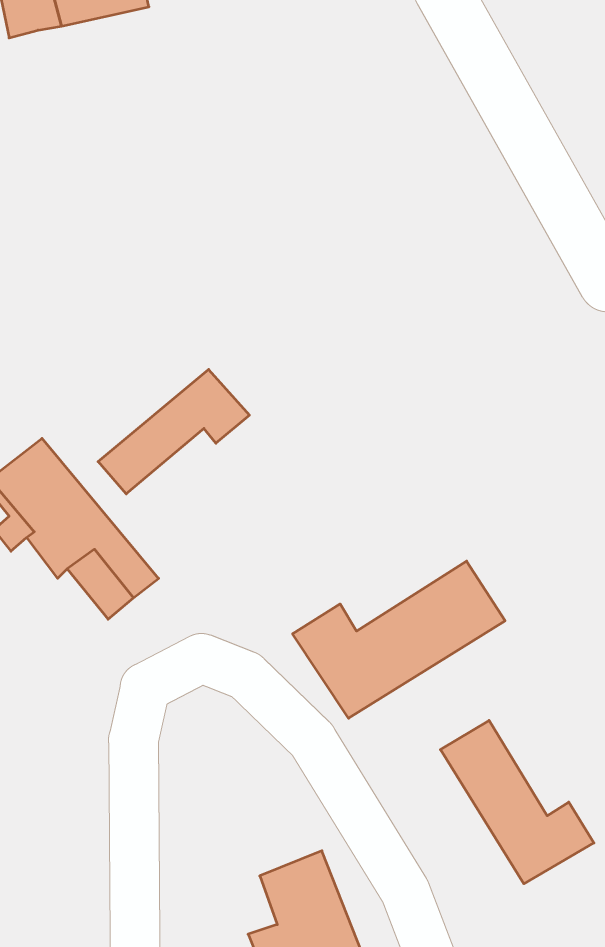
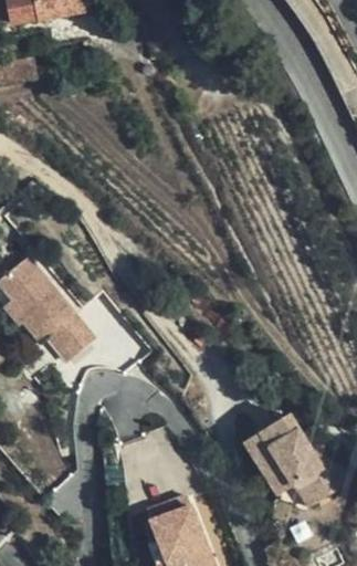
building: [98,369,249,494] -> none
building: [293,561,505,718] -> none

